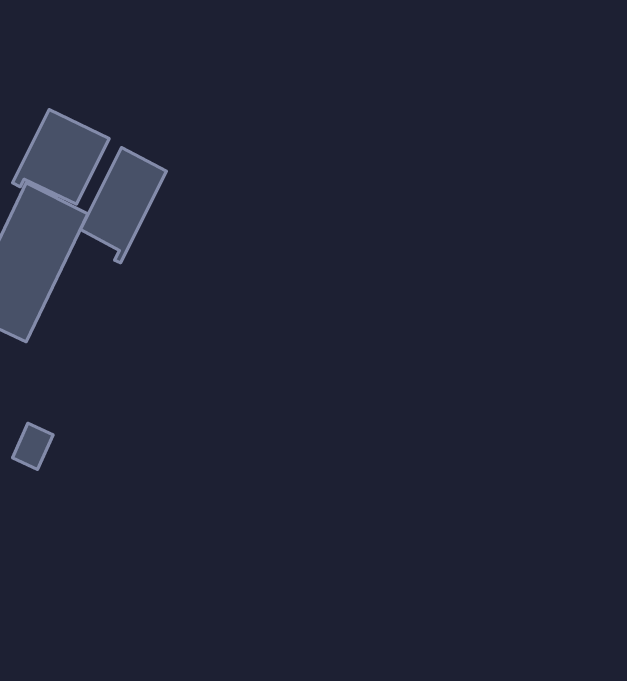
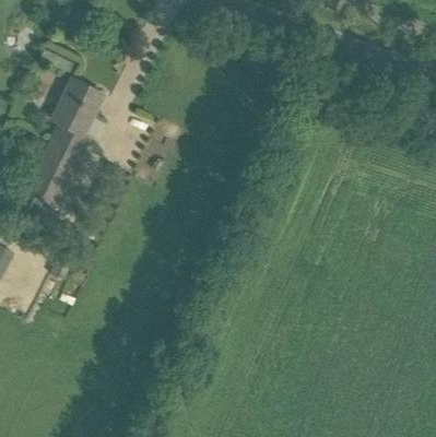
building: [80,147,166,263] -> none

